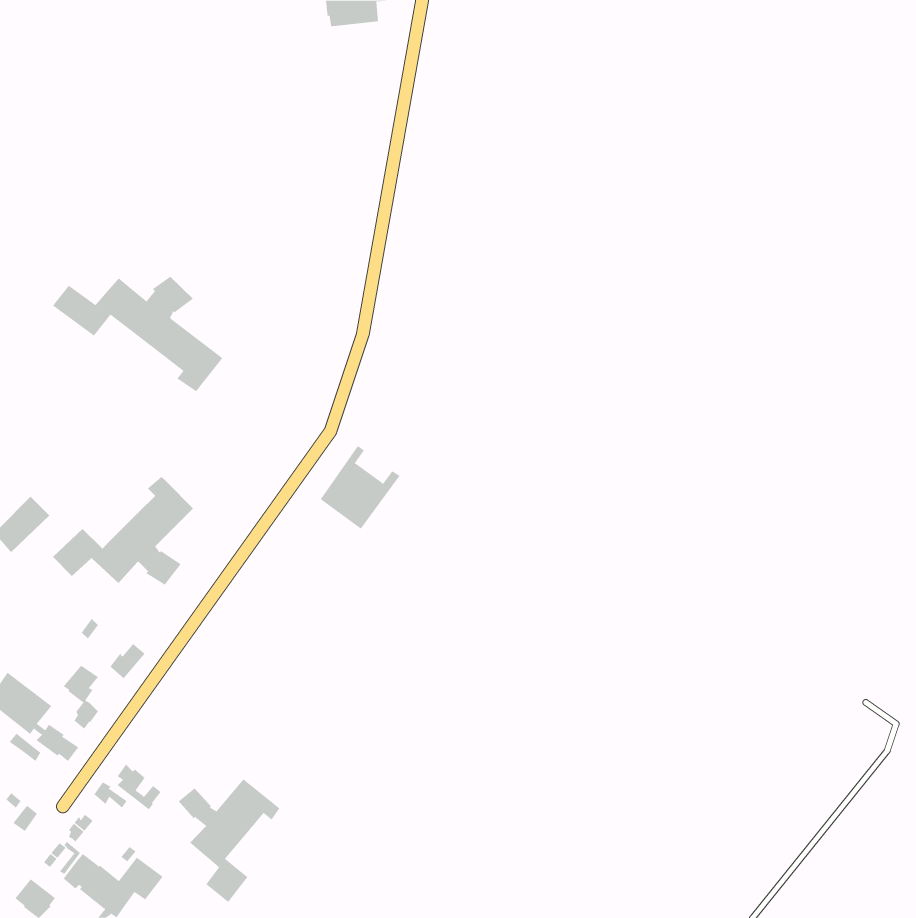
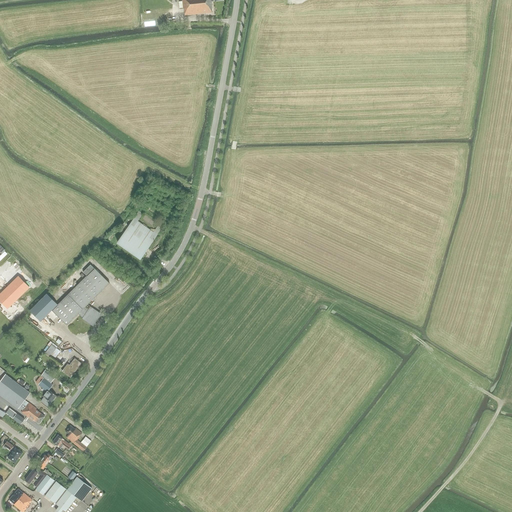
building: [52,276,223,392] -> none
building: [320,445,401,530] -> [117,211,162,258]
building: [178,778,280,903] -> none

